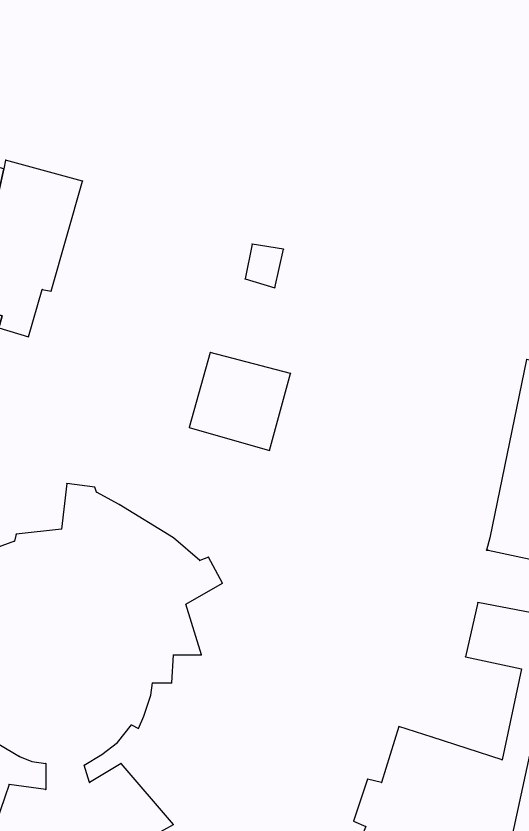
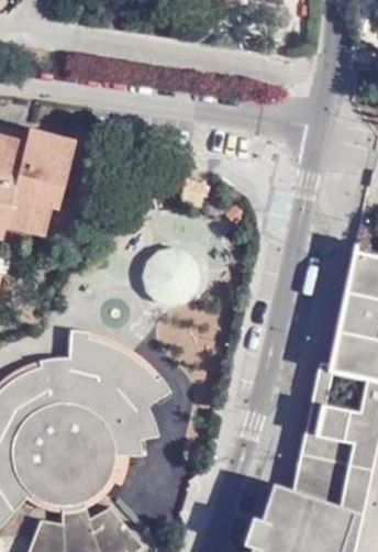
building: none -> [297,363,353,505]

